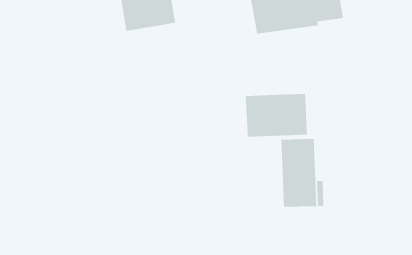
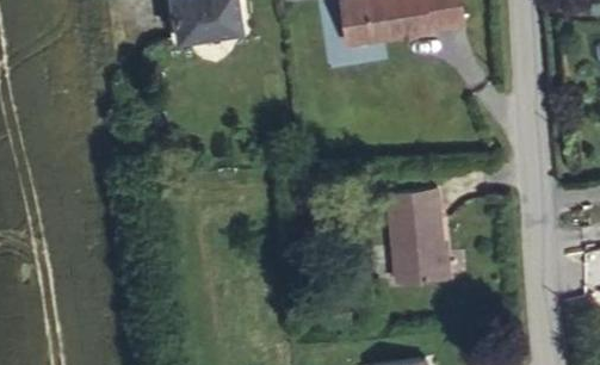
building: [245,93,307,138] -> none

